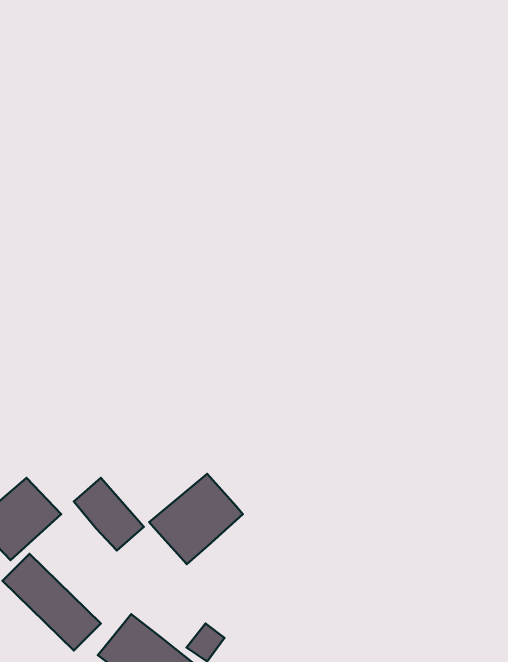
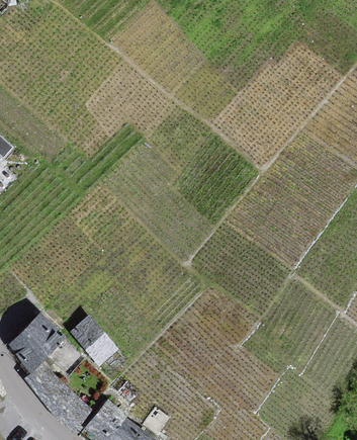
building: [149,474,243,564] -> none

